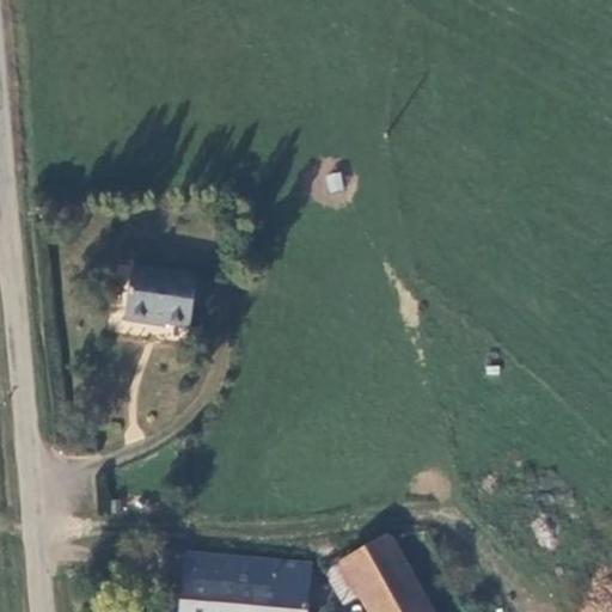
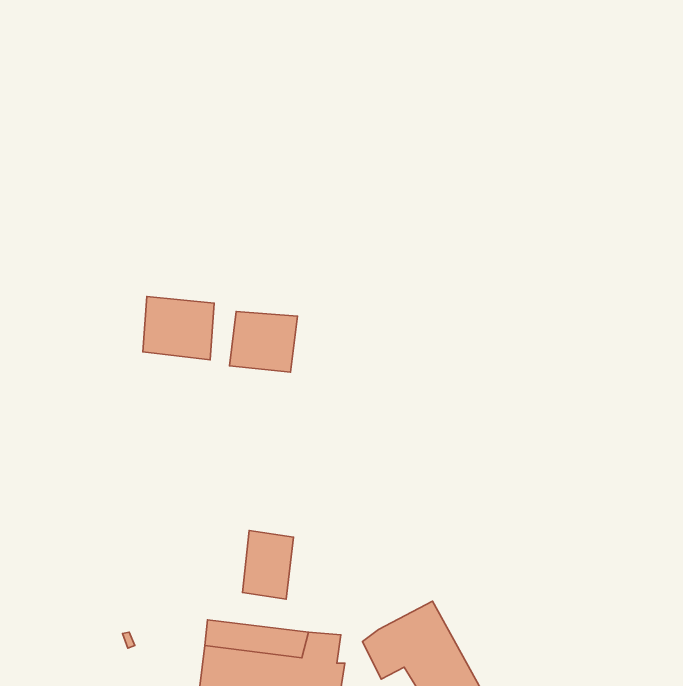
building: none -> [229,311,298,372]
building: none -> [243,530,294,599]

